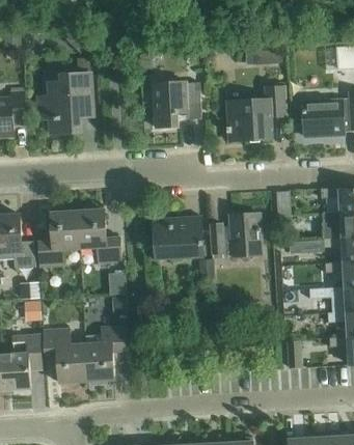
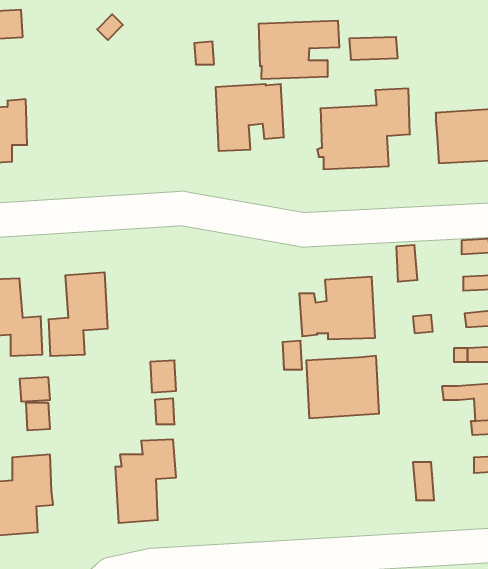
building: none -> [259,21,339,79]
building: [36,58,92,134] -> none
building: [77,211,121,266] -> none
building: [152,218,201,260] -> [306,356,379,418]
building: [46,329,86,384] -> none

